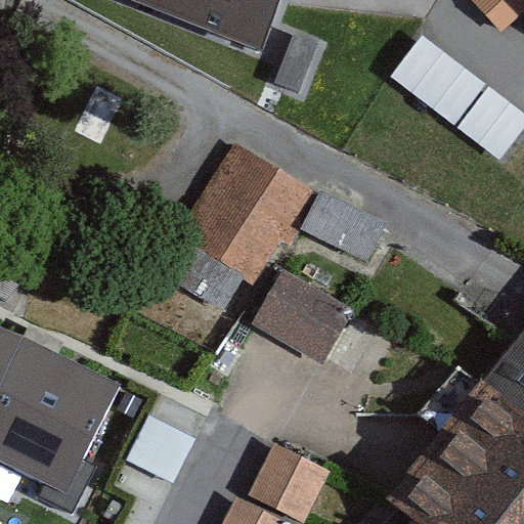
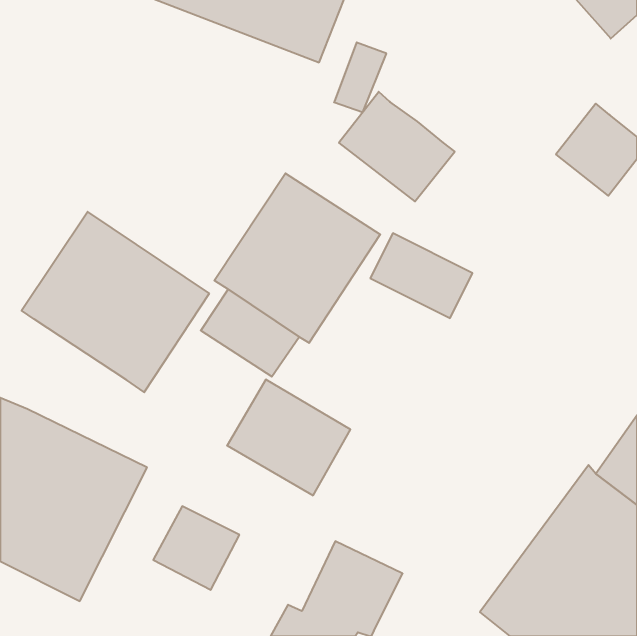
building: [391,34,486,124] -> [339,92,455,201]
building: none -> [22,212,209,392]
building: [252,269,353,364] -> [227,380,350,495]

